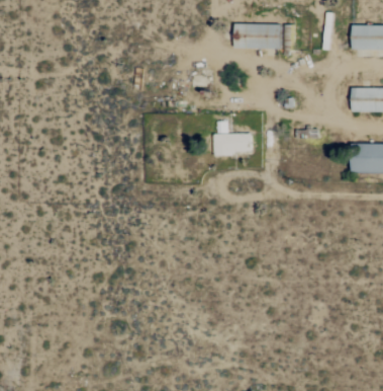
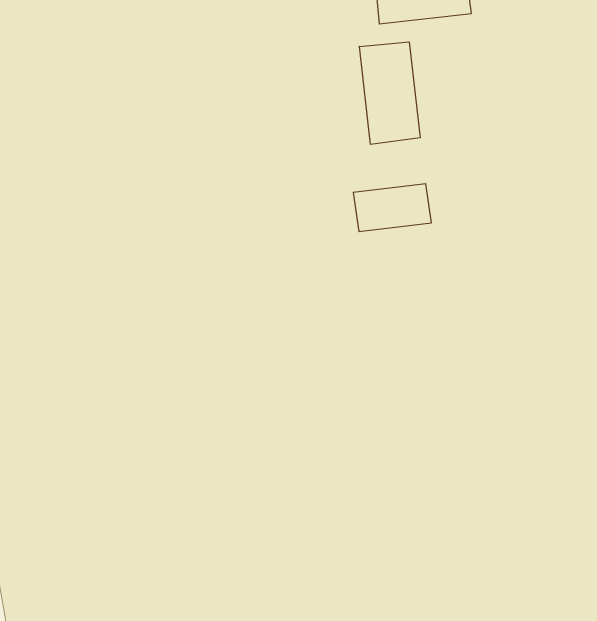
building: none -> [359,42,420,144]

